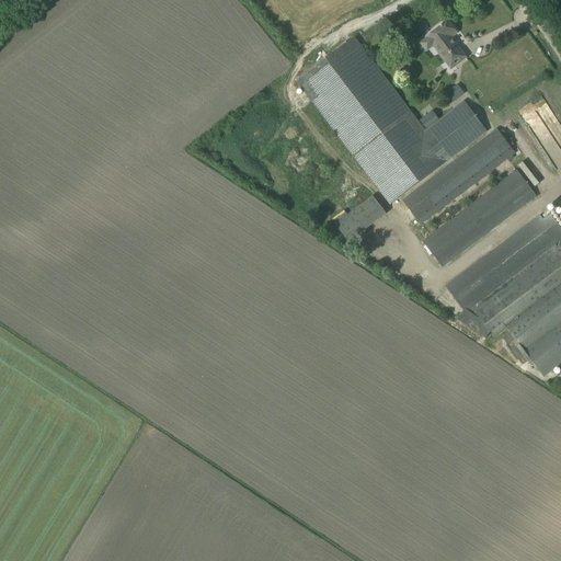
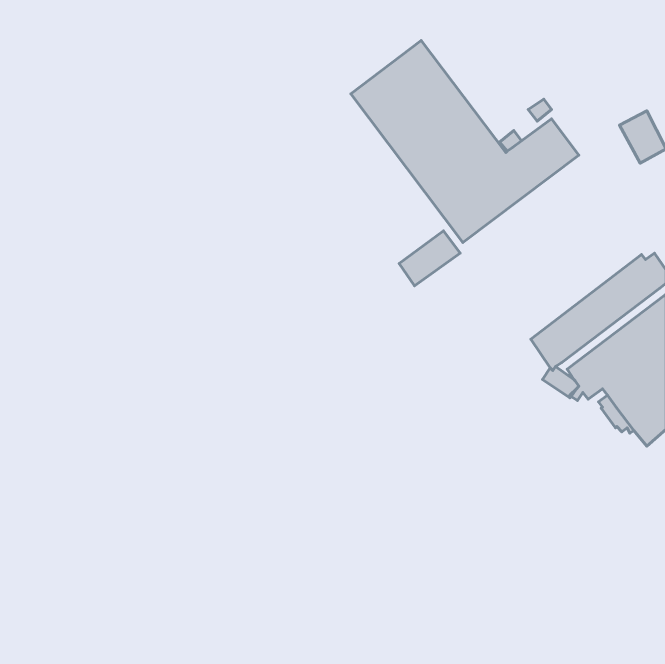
building: [421,20,467,68] -> none
building: [403,127,516,224] -> none
building: [423,169,537,265] -> none

